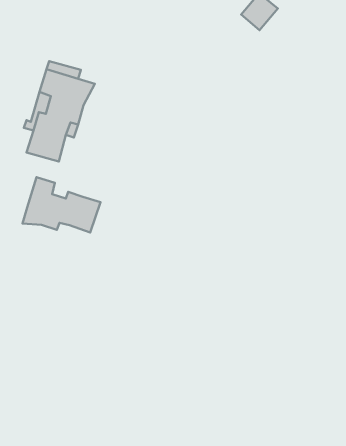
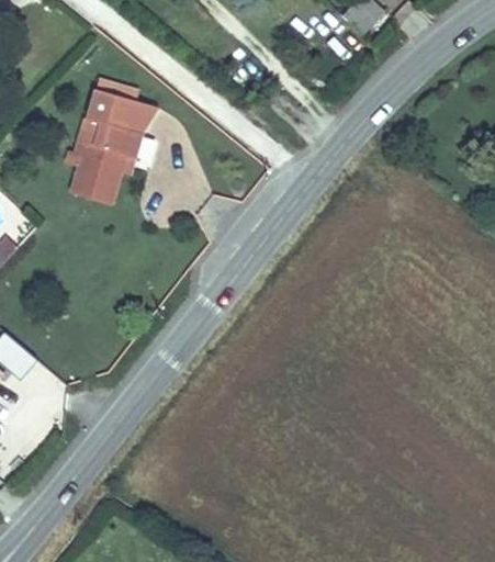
building: [22,177,100,233] -> none

